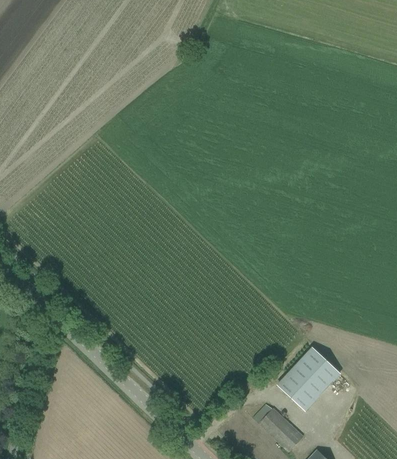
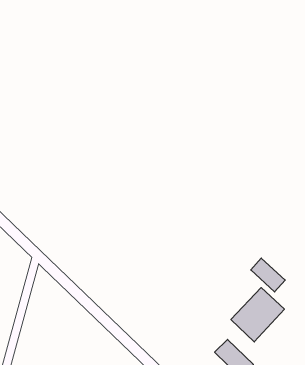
building: none -> [251,258,285,292]

